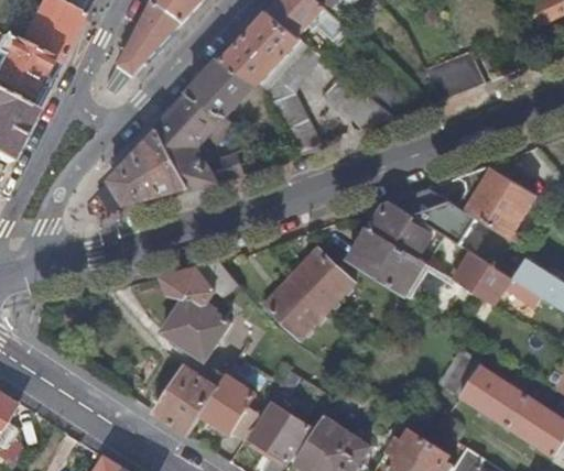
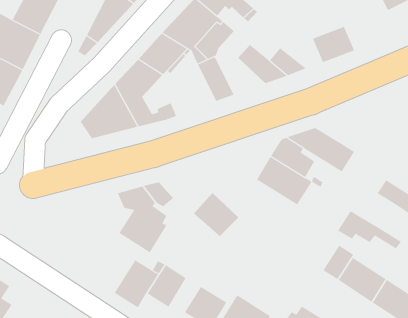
building: [466,167,535,240] -> none
building: [290,248,351,310] -> none
building: [452,251,540,304] -> [337,210,402,249]

